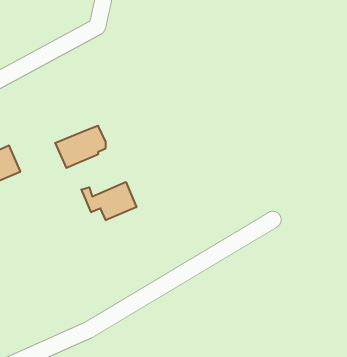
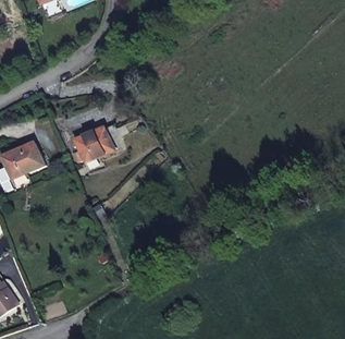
building: [81,182,136,220] -> none

